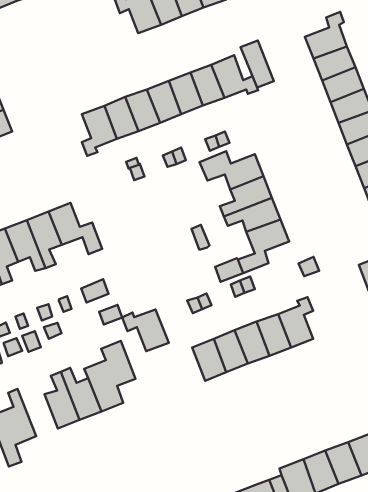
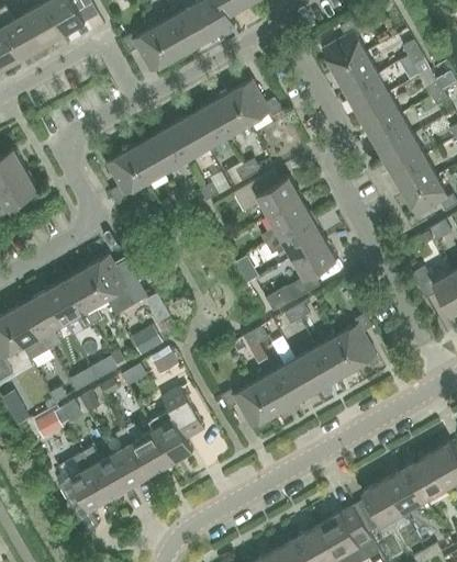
building: [241,40,274,87] -> none
building: [122,310,169,351] -> [221,384,272,428]
building: none -> [82,448,130,498]

